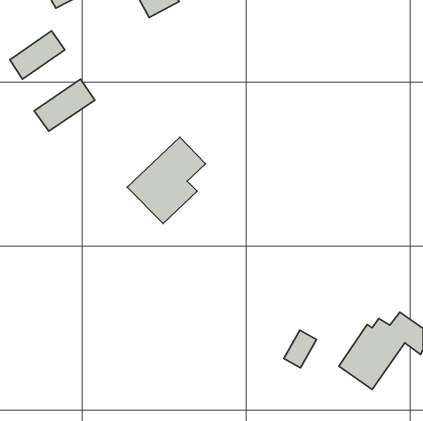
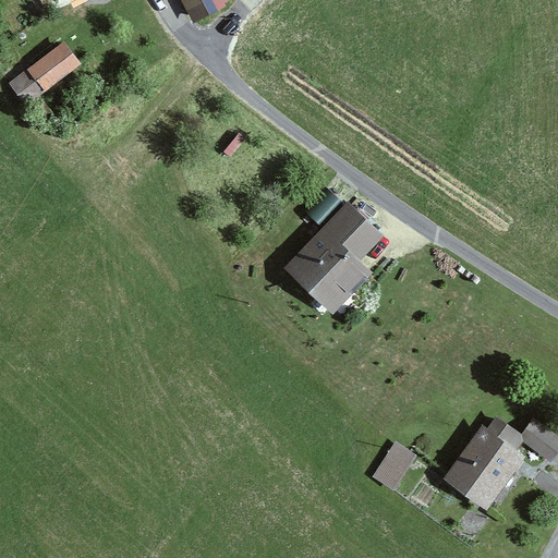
building: [34,79,95,131] -> none
building: [127,137,206,224] -> [281,202,384,315]

